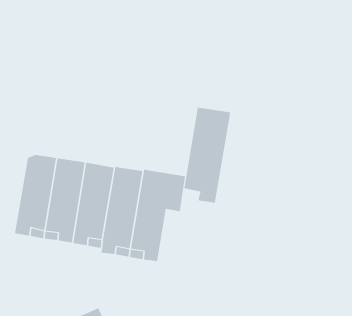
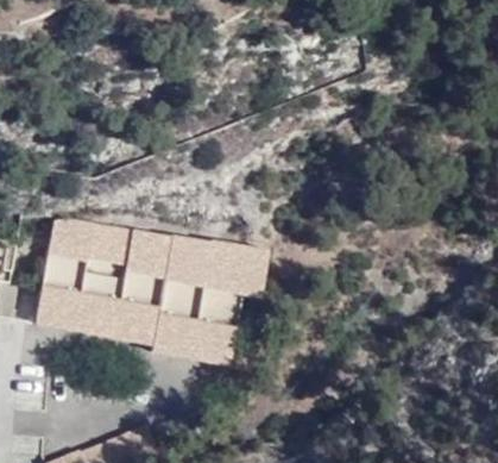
building: [184,107,231,204] -> none

